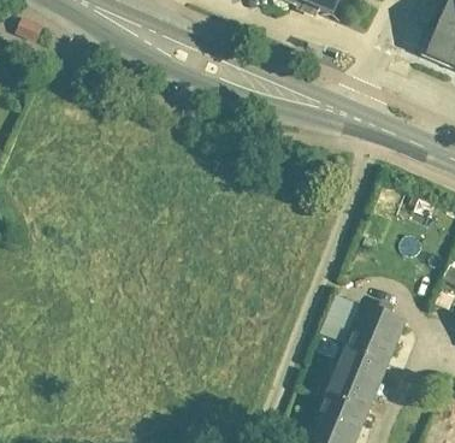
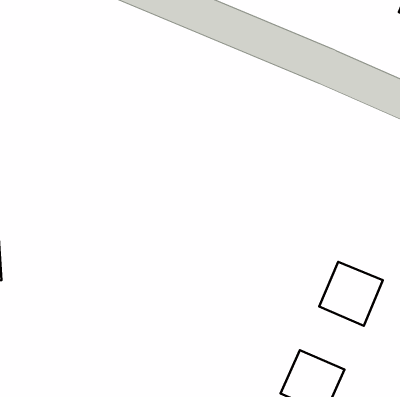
building: [323,349,386,412] -> none

